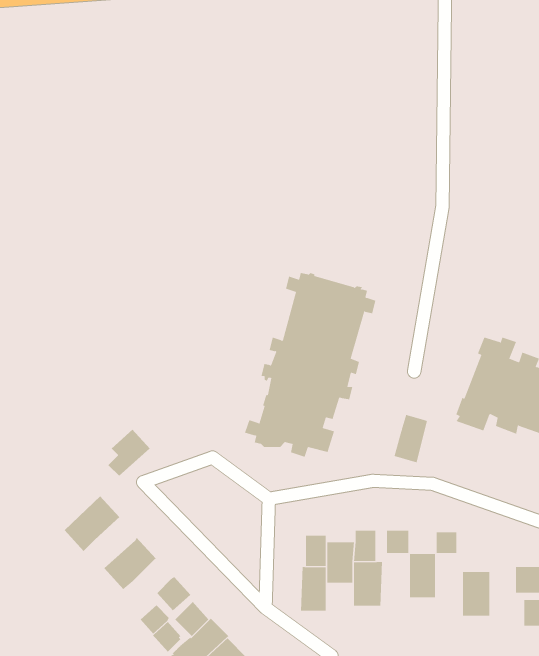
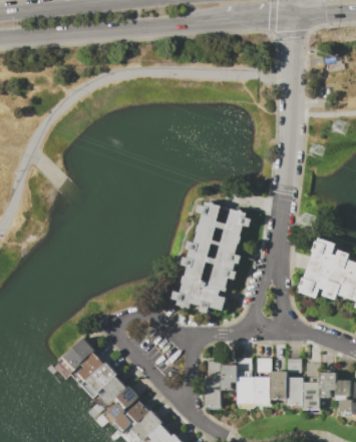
building: [394,414,427,463] -> none
building: [108,429,151,477] -> [77,352,103,381]
building: none -> [319,373,334,406]
building: none -> [98,376,125,406]
building: none -> [253,377,270,404]
building: none -> [286,378,302,405]

